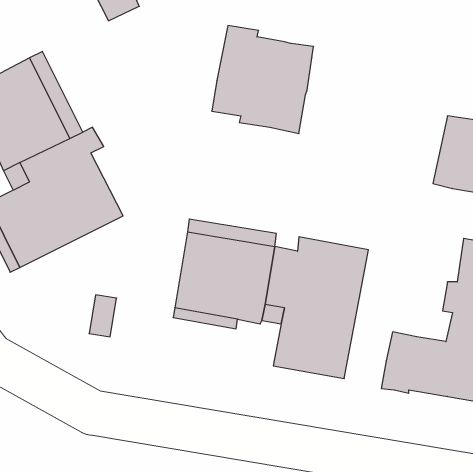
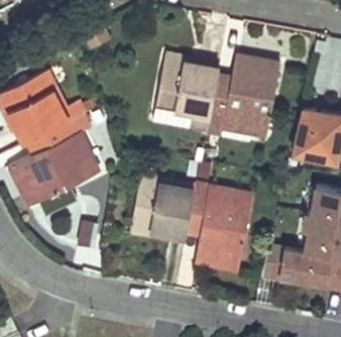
building: none -> [207,52,280,138]

